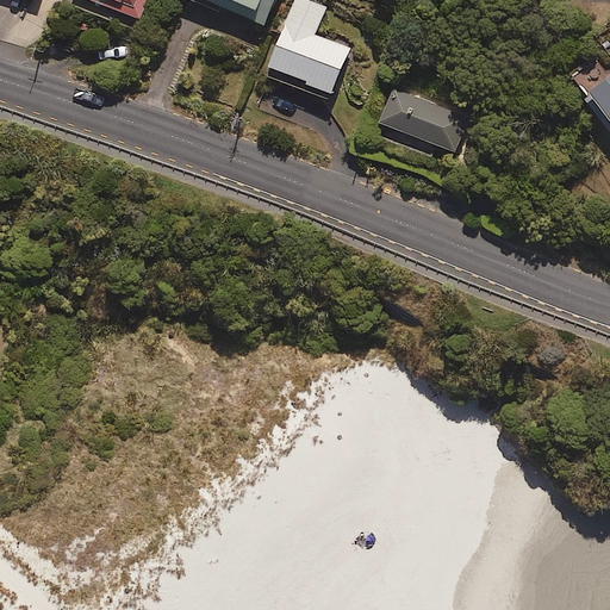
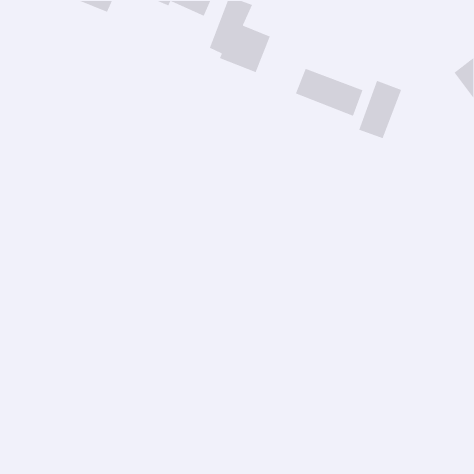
building: none -> [358,80,402,139]

